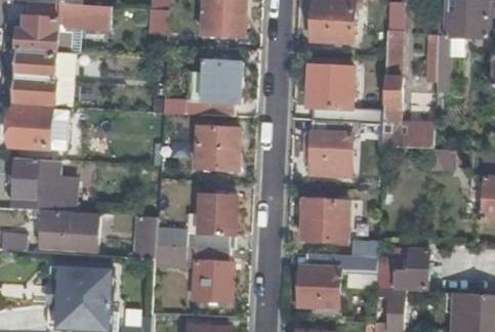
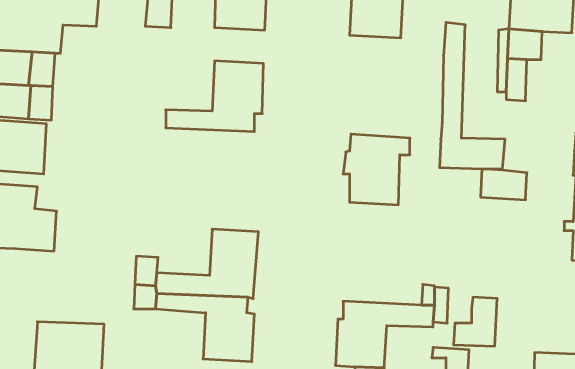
building: [306,65,383,122] -> none
building: [196,126,239,168] -> none
building: [301,198,347,241] -> none
building: [40,209,98,250] -> none

